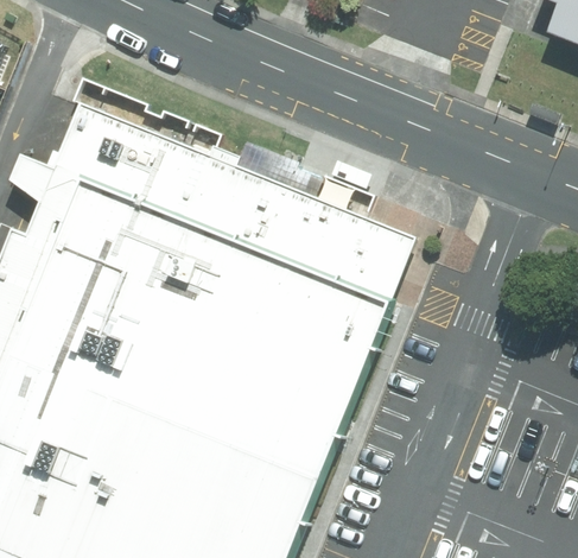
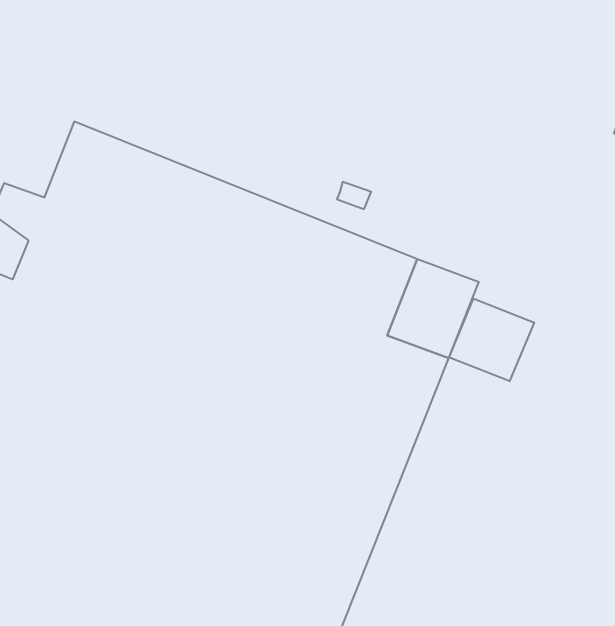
building: none -> [449,299,534,381]

